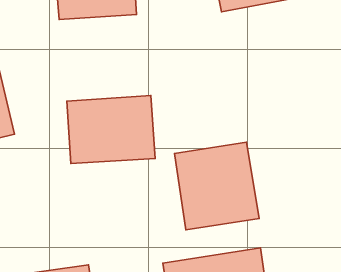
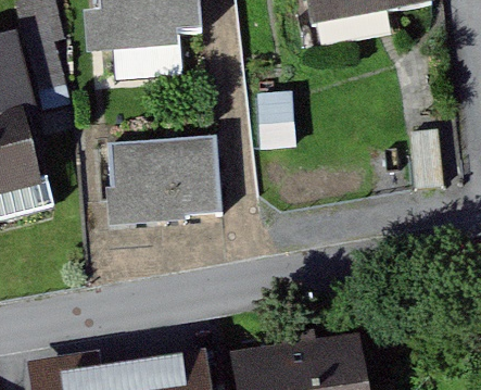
building: [174,142,259,230] -> none

